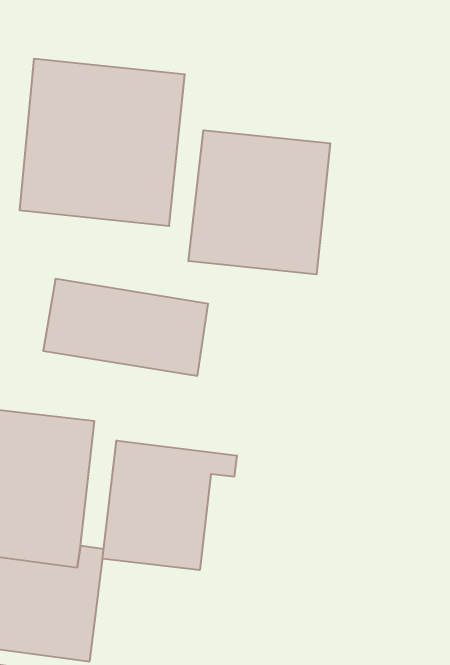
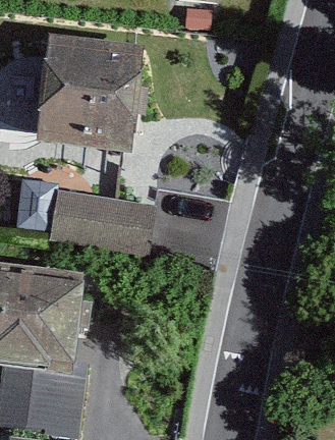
building: [189,130,330,274] -> none
building: [103,440,237,570] -> none

